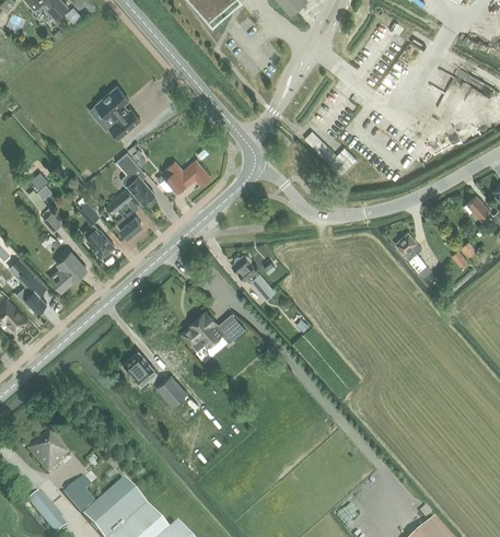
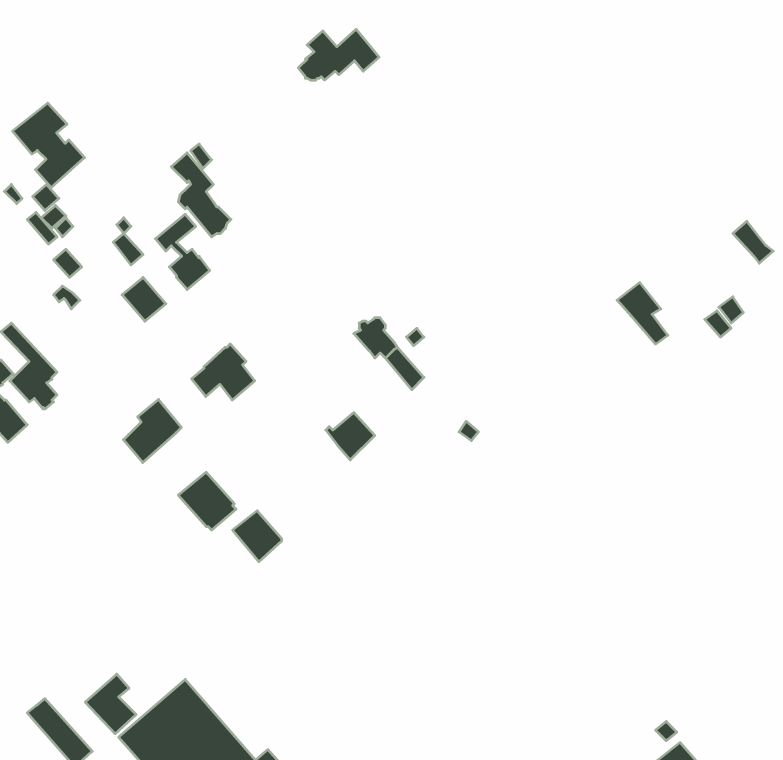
building: [95,86,140,139] -> [13,103,85,187]
building: [160,160,210,191] -> [298,29,379,80]
building: [49,253,85,292] -> [123,399,181,463]
building: [182,312,221,347] -> [192,344,255,400]
building: [28,432,69,474] -> none

